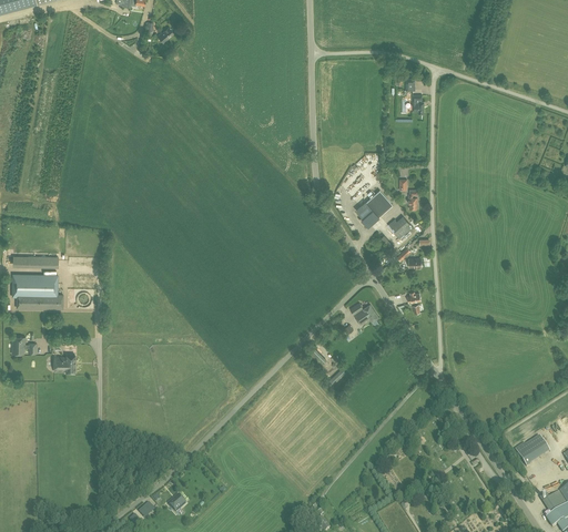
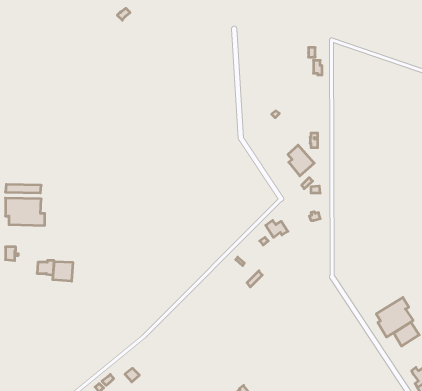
building: [355,190,392,226] -> none
building: none -> [53,261,73,281]
building: none -> [376,297,413,337]

